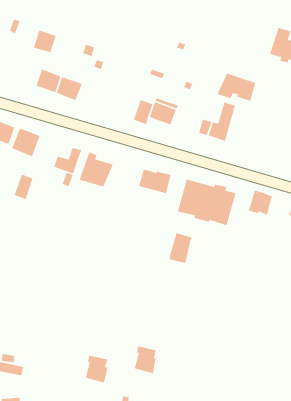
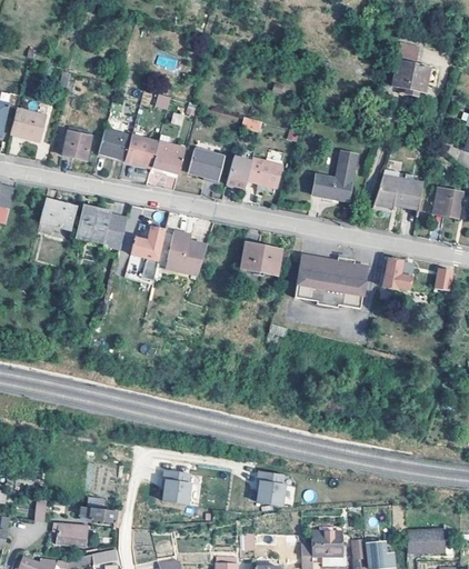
building: [33,29,57,53] -> [63,130,92,159]
building: [217,73,256,102] -> [373,174,422,209]
building: none -> [152,141,186,173]
building: none -> [189,144,224,174]
building: [13,173,33,200] -> [103,214,127,248]
building: [168,232,192,264] -> none
building: [85,355,109,383] -> [162,469,191,503]

